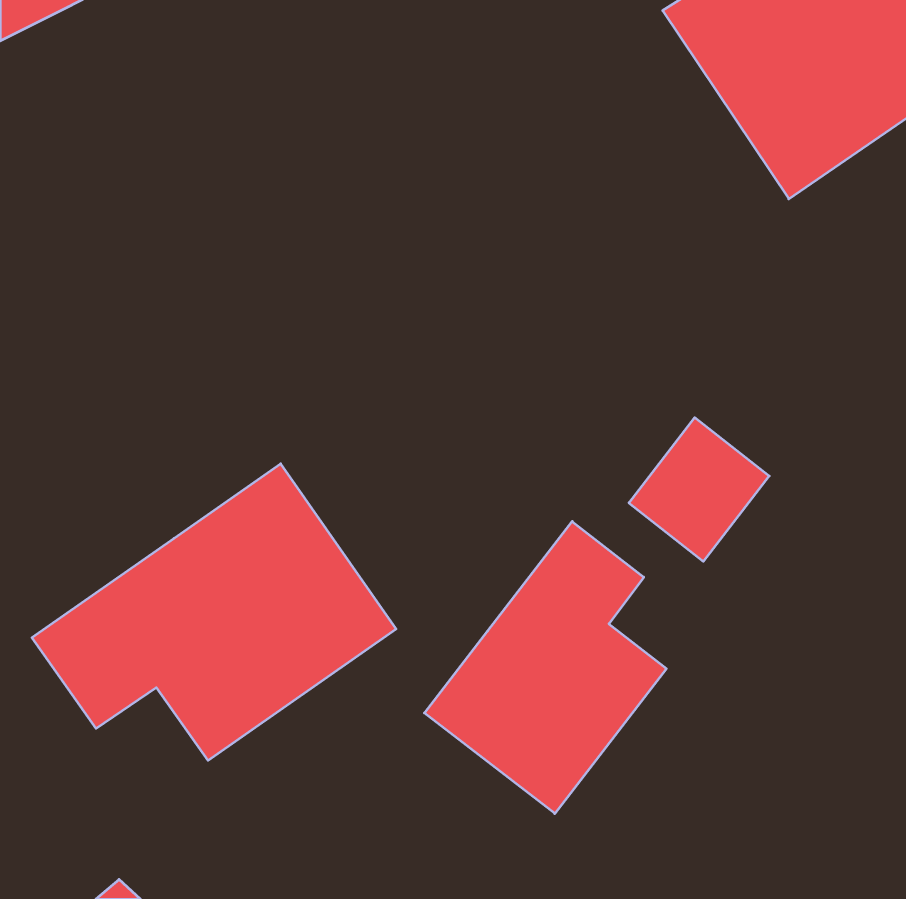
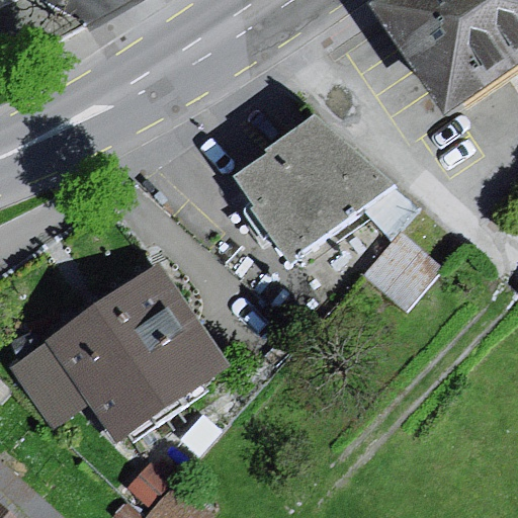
building: none -> [213,123,372,270]
building: [424,521,666,814] -> none

